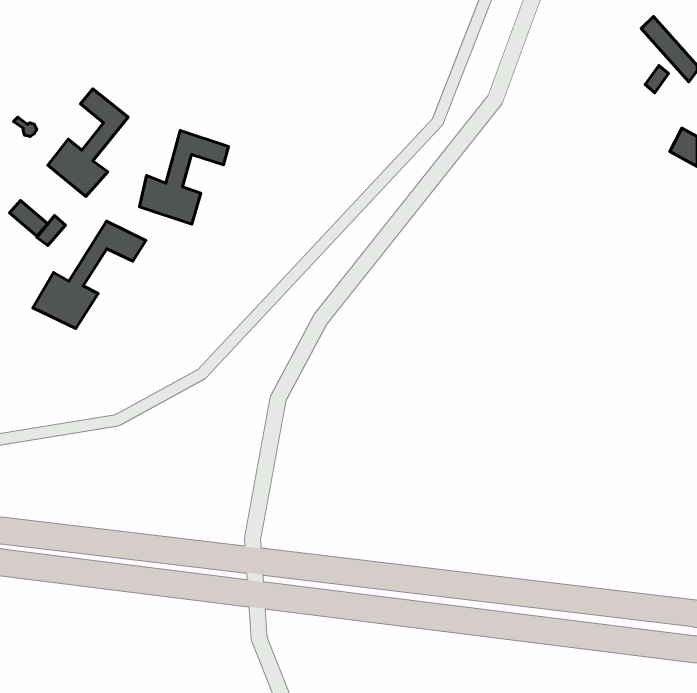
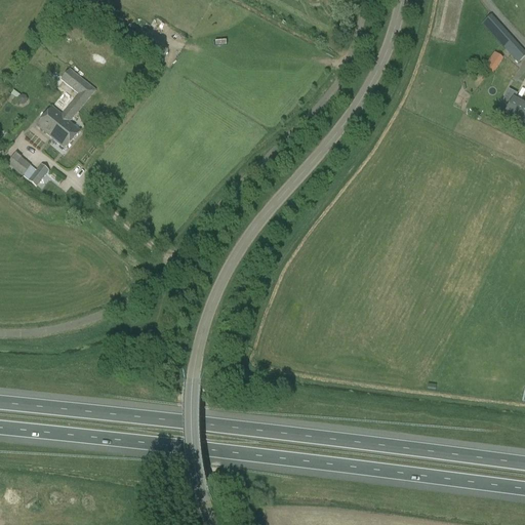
building: [140,130,228,224] -> none
building: [33,221,146,328] -> none

